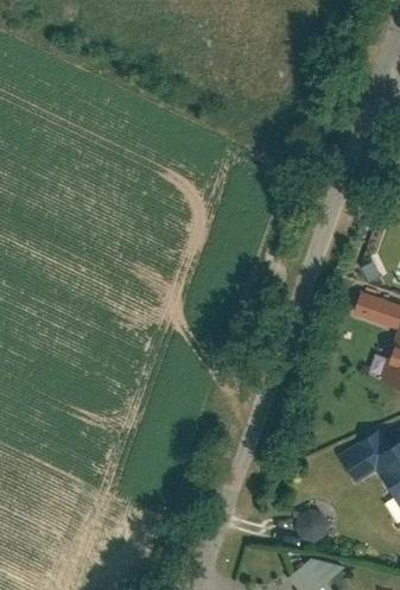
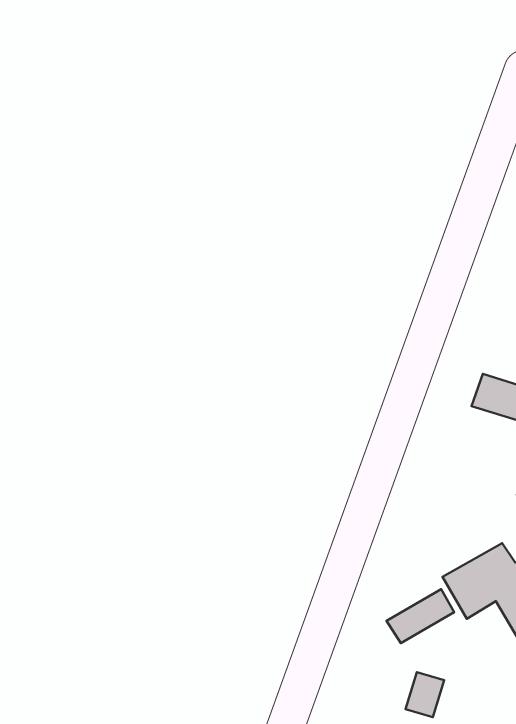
building: none -> [386,589,454,643]

